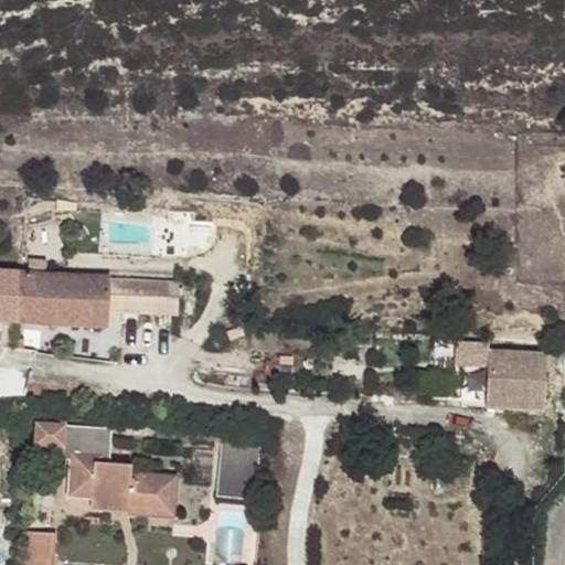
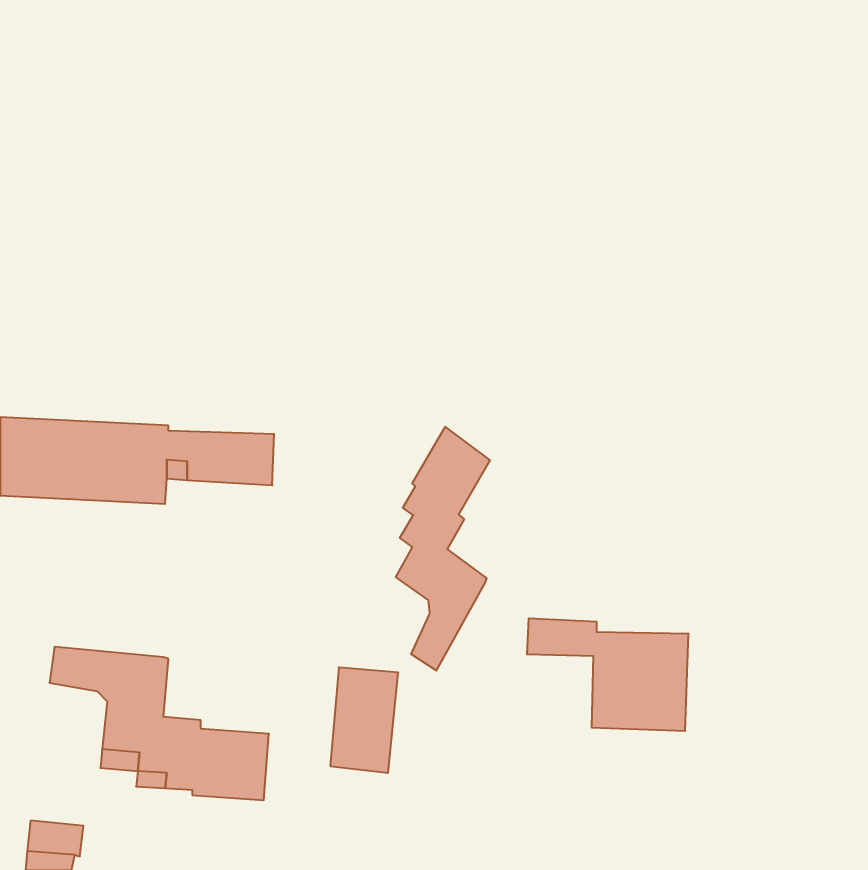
building: none -> [396,427,490,671]
building: [441,338,546,411] -> [527,618,689,731]

